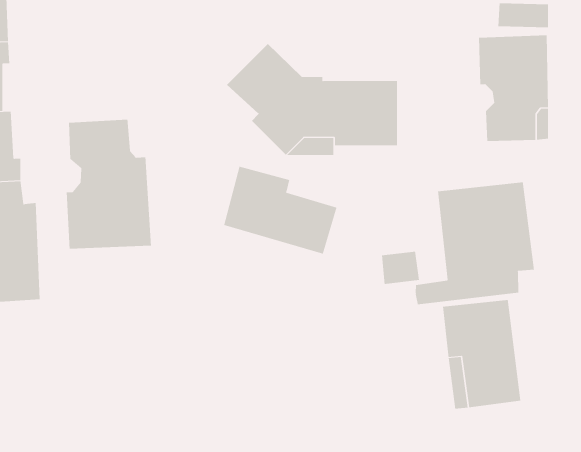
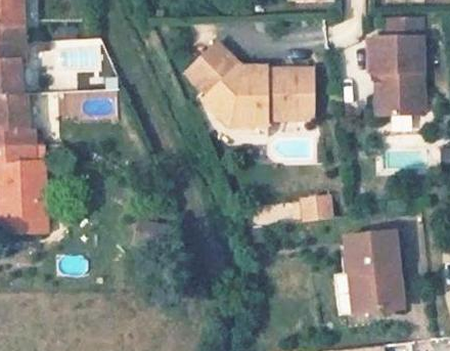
building: [66,119,152,249] -> none
building: [223,166,337,254] -> none
building: [415,181,534,305] -> none

